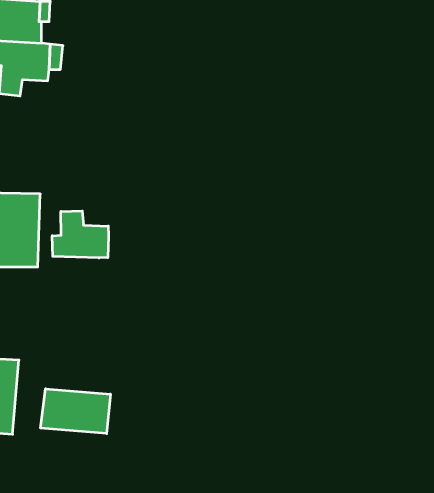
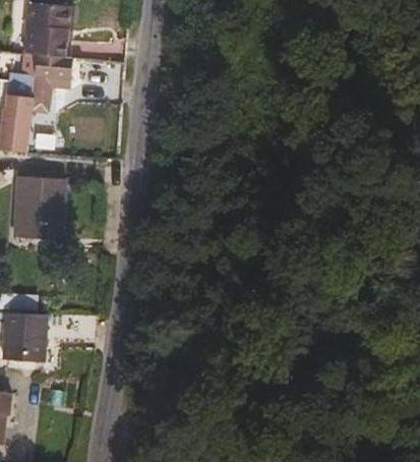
building: [52,211,109,258] -> none
building: [41,389,110,434] -> none

